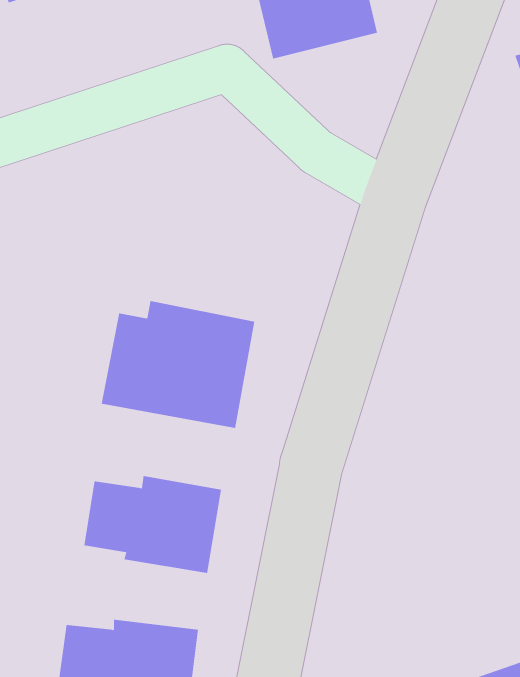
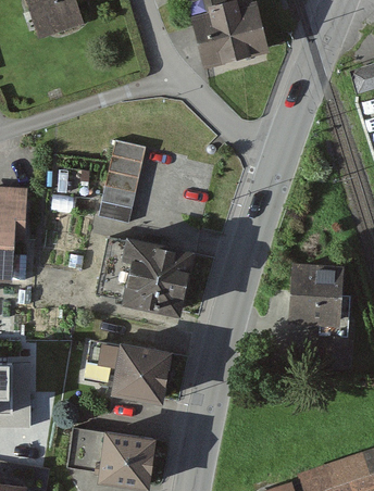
building: none -> [100,143,148,225]
building: none -> [288,257,352,337]

